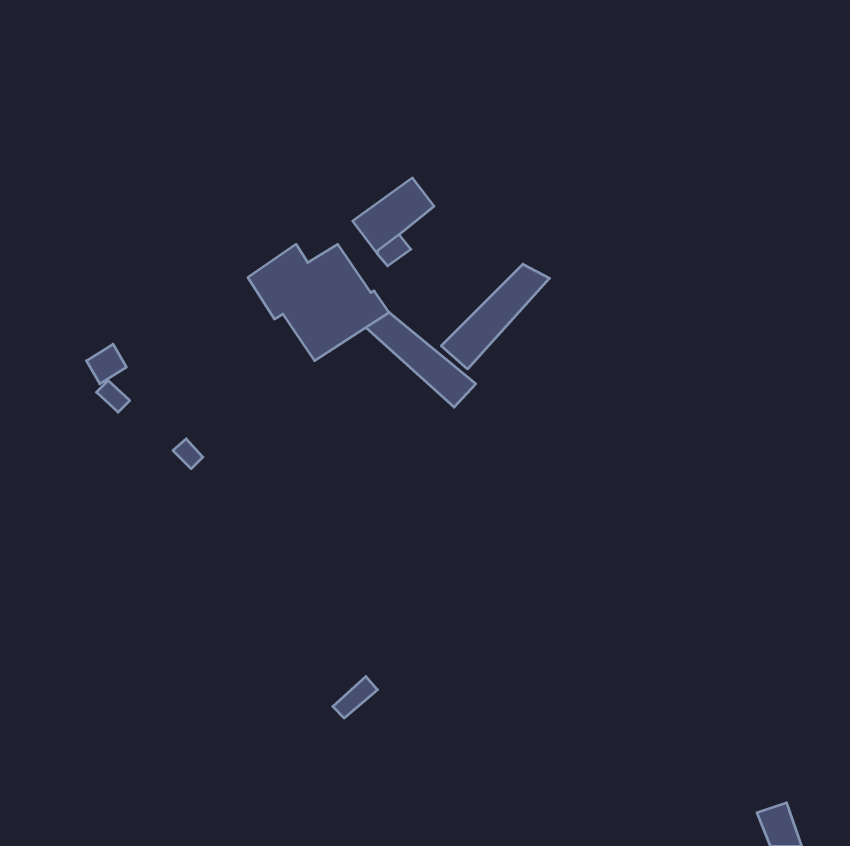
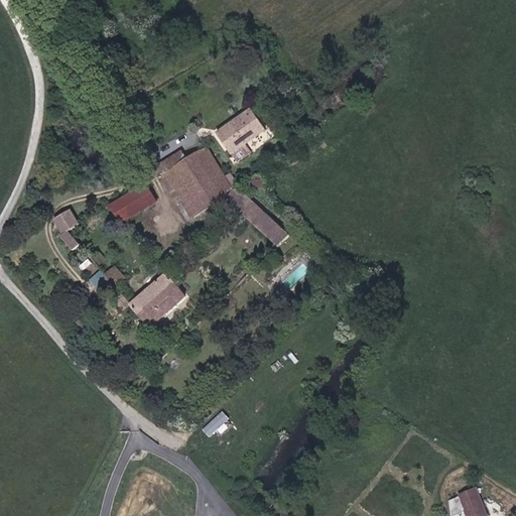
building: [441,264,550,369] -> none
building: none -> [108,183,154,224]
building: none -> [129,274,183,328]

